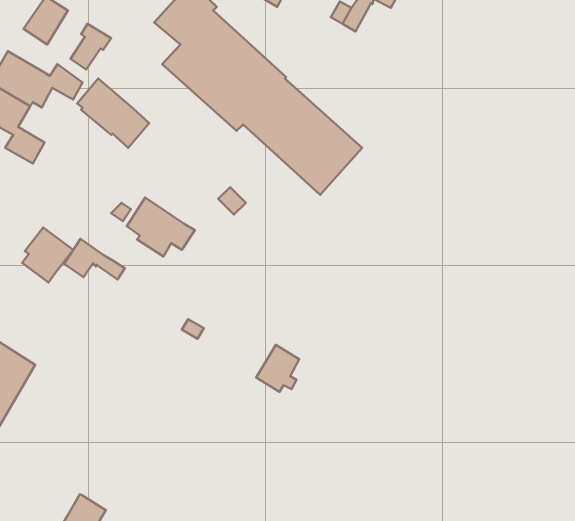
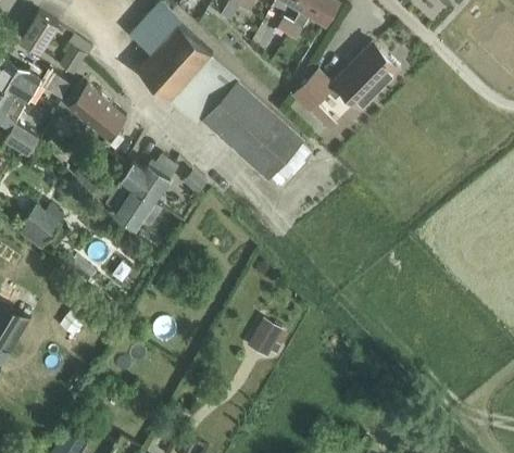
building: none -> [292,43,398,133]
building: none -> [122,155,178,202]
building: [64,239,125,280] -> none
building: [256,345,299,392] -> [248,318,284,357]

